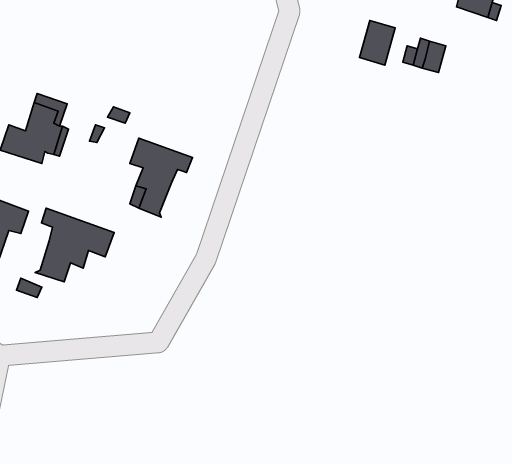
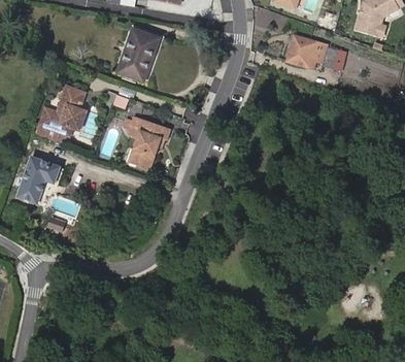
building: none -> [117,29,159,80]
building: [35,208,114,282] -> none

